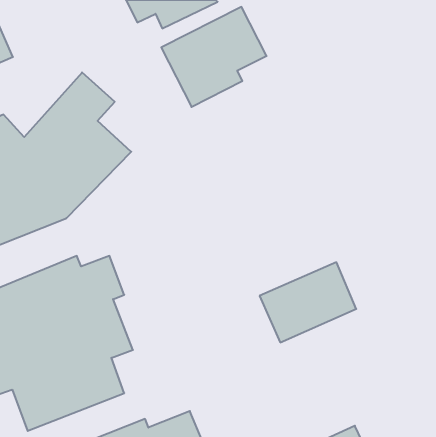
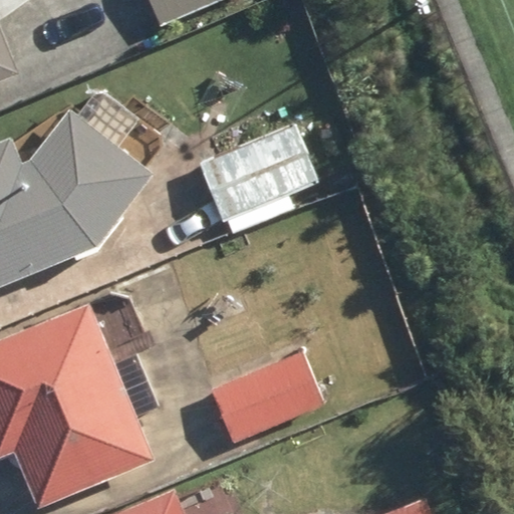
building: [161,7,267,107] -> [196,123,318,240]
building: [260,262,356,342] -> [207,351,319,445]

